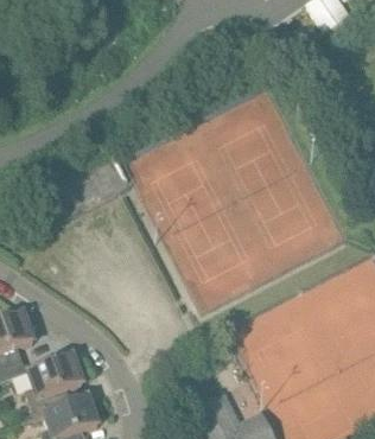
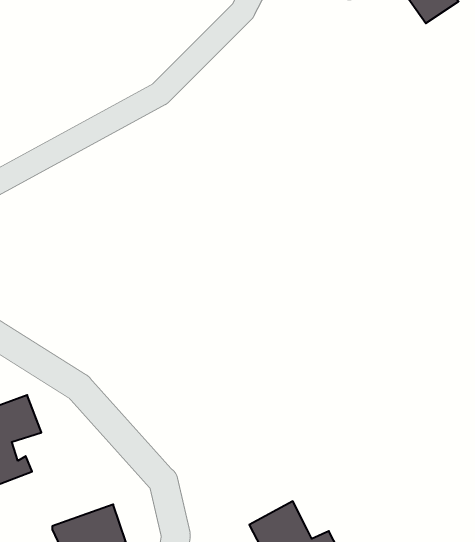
building: [26,354,83,416] -> none

